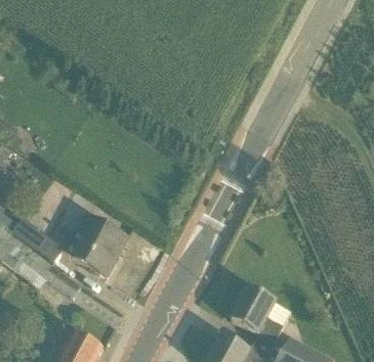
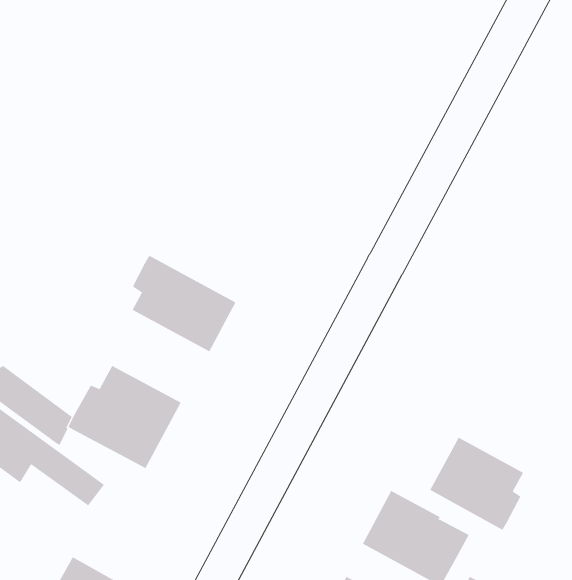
building: none -> [132,254,236,352]
building: none -> [429,437,524,531]

